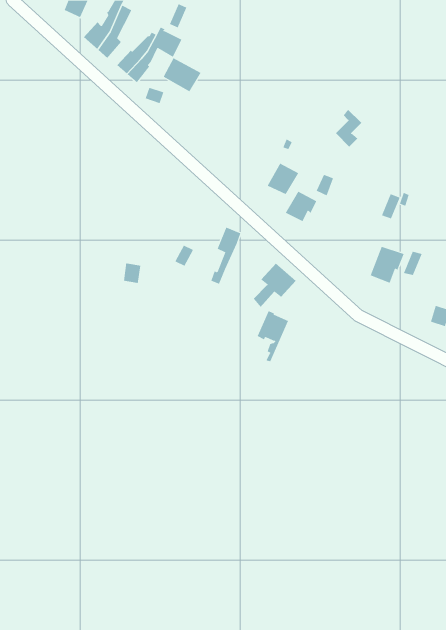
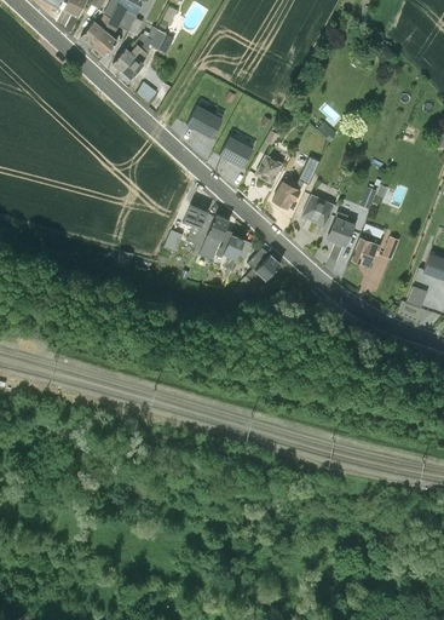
building: [163,58,201,92] -> [186,104,223,137]
building: none -> [219,134,254,167]
building: none -> [300,193,335,228]
building: none -> [184,203,209,245]
building: none -> [328,217,356,248]
building: [257,311,289,362] -> [215,230,246,279]

